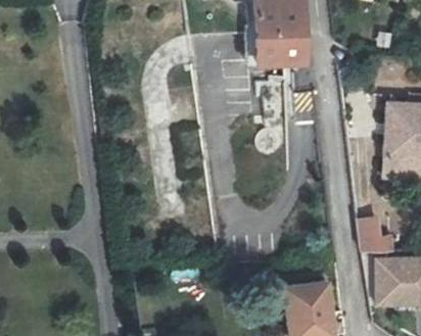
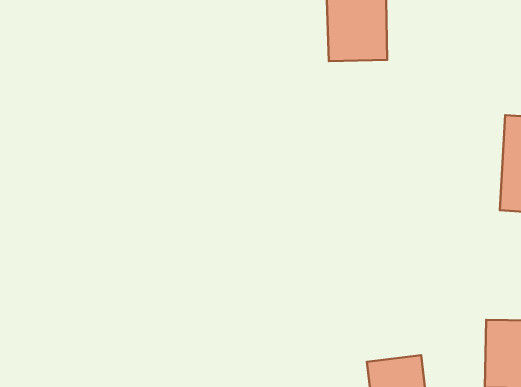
building: [361,215,394,250] -> none

